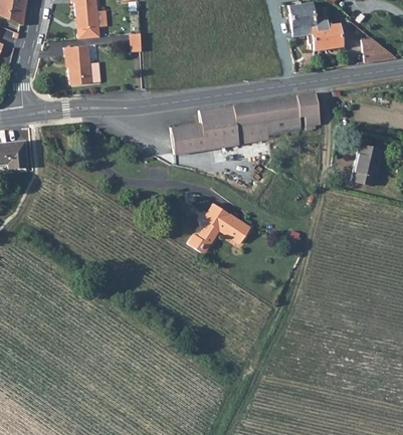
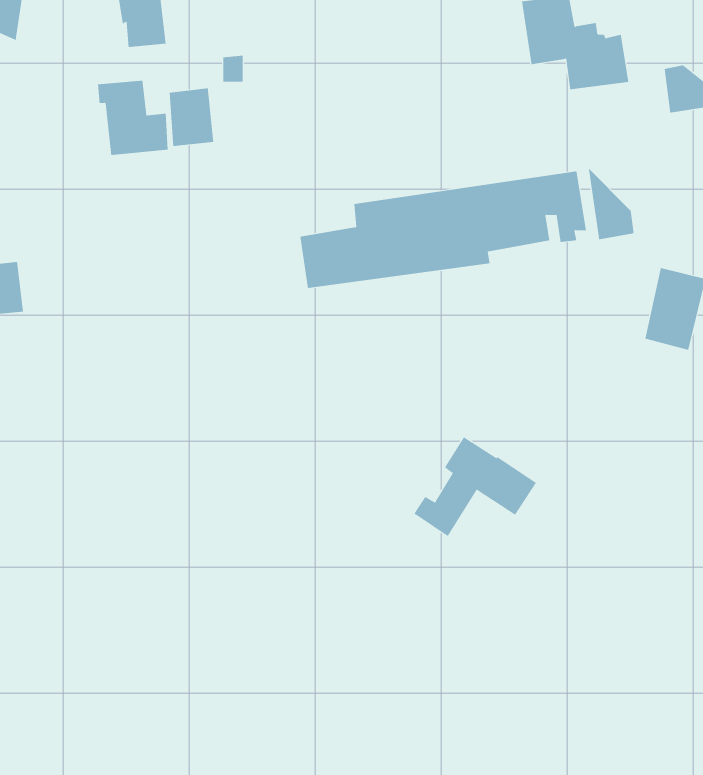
building: none -> [169,88,214,147]
building: none -> [588,167,634,240]
building: [186,203,250,255] -> [413,436,537,537]

